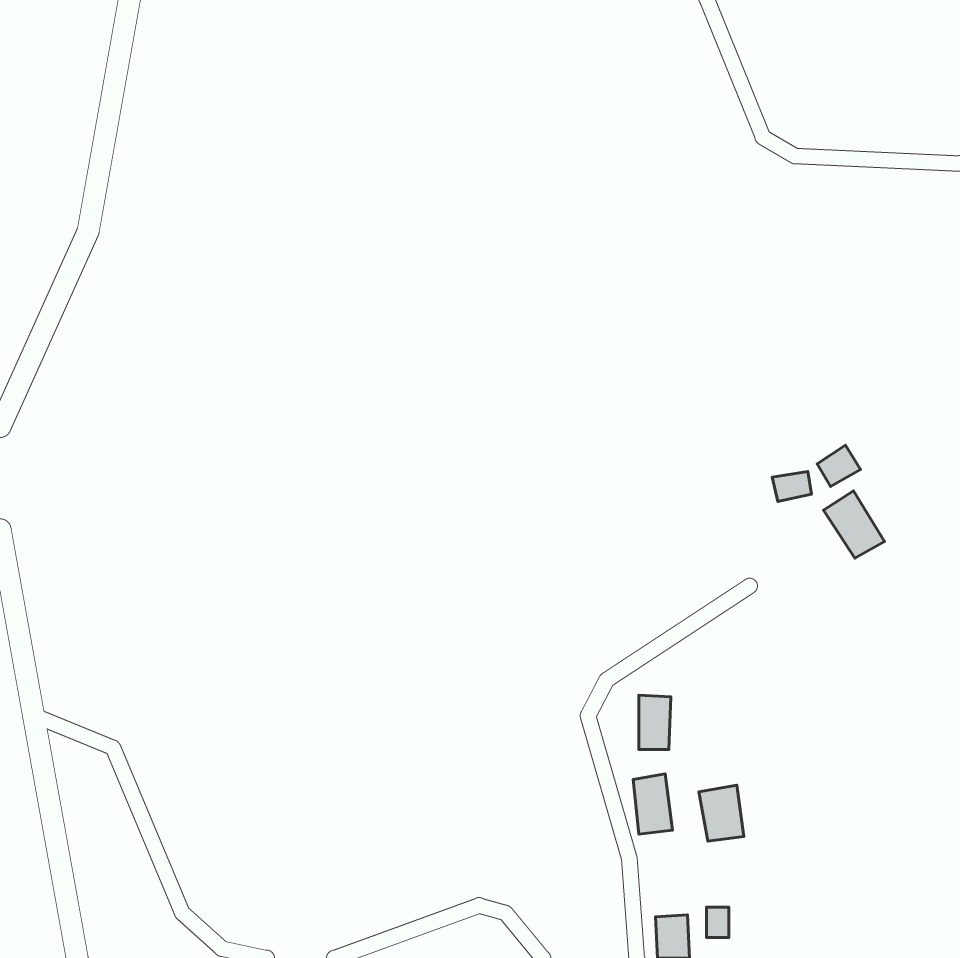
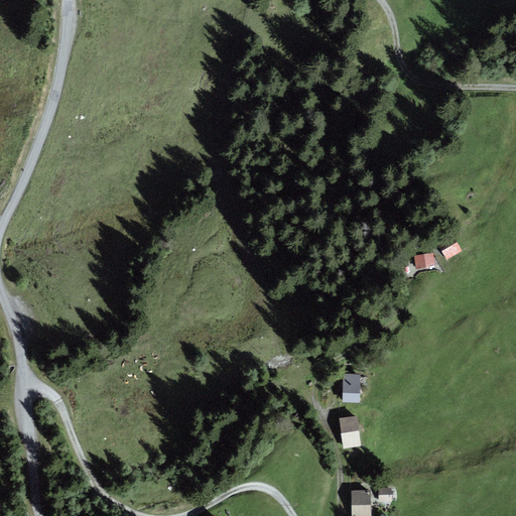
building: [823,491,885,558] -> none
building: [699,785,744,841] -> none

